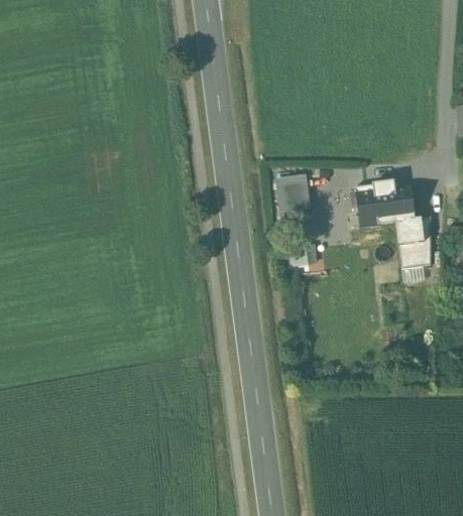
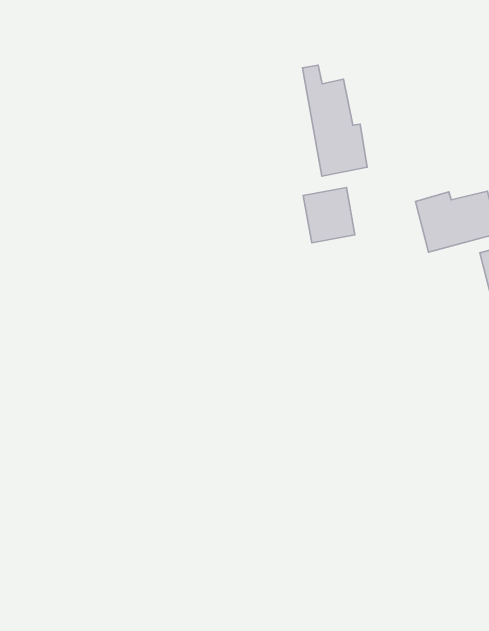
building: none -> [302,65,367,176]

